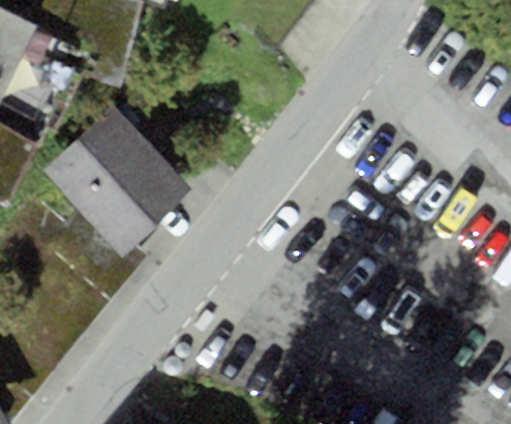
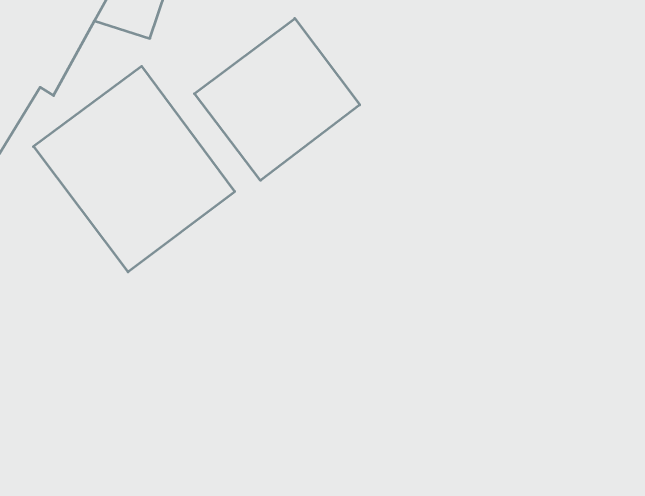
building: none -> [194,18,360,180]

